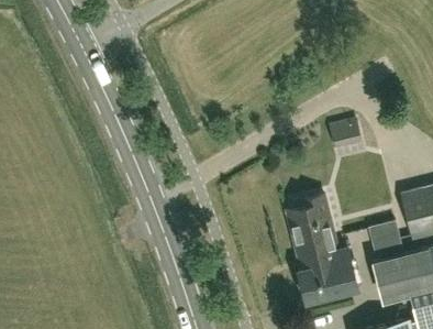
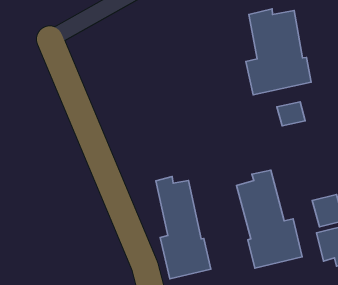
building: none -> [246,9,311,95]
building: none -> [156,176,211,279]

